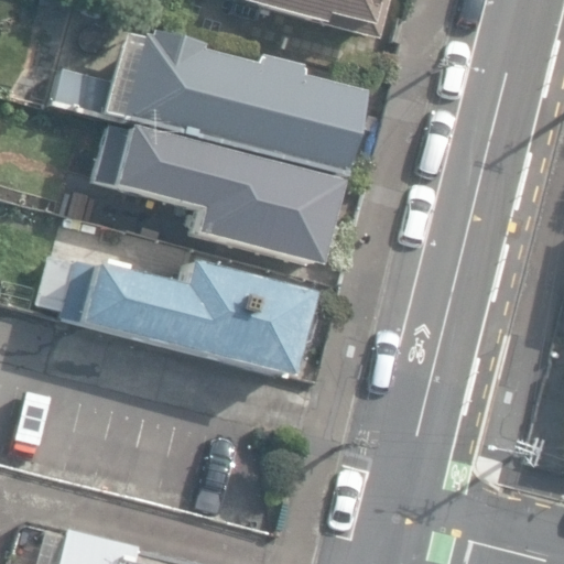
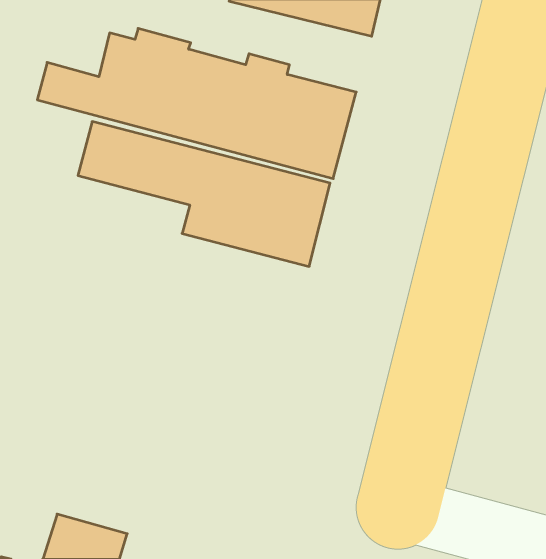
building: [34,248,317,377] -> none

